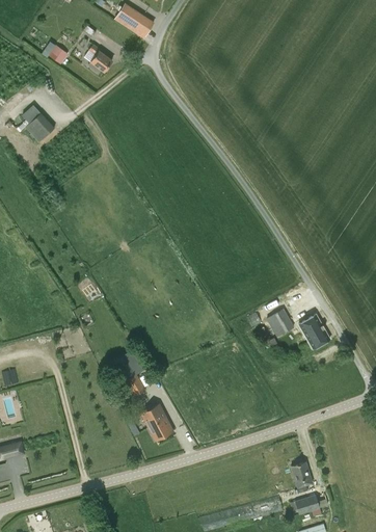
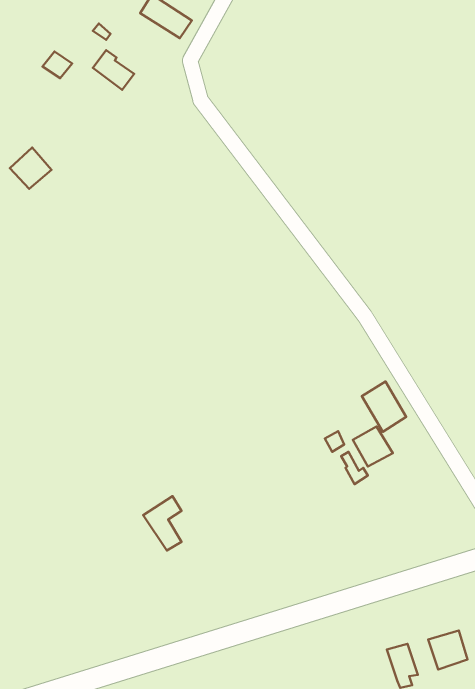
building: [298,313,329,348] -> [362,382,406,432]
building: [140,402,173,440] -> none
building: none -> [428,631,467,669]

